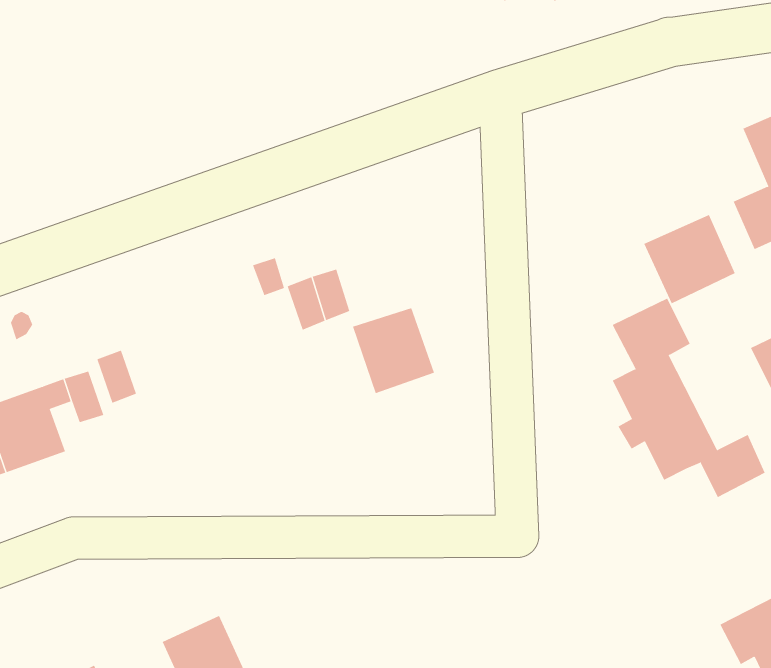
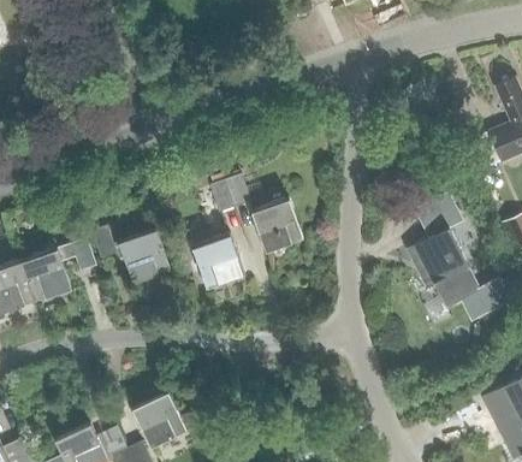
building: [644,214,735,304] -> none
building: none -> [118,229,168,283]
building: none -> [191,235,243,289]

